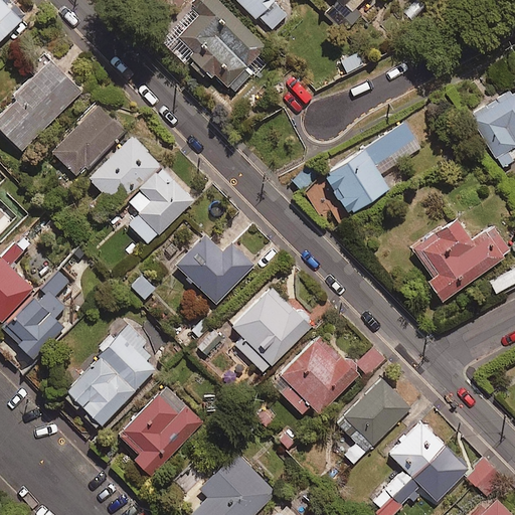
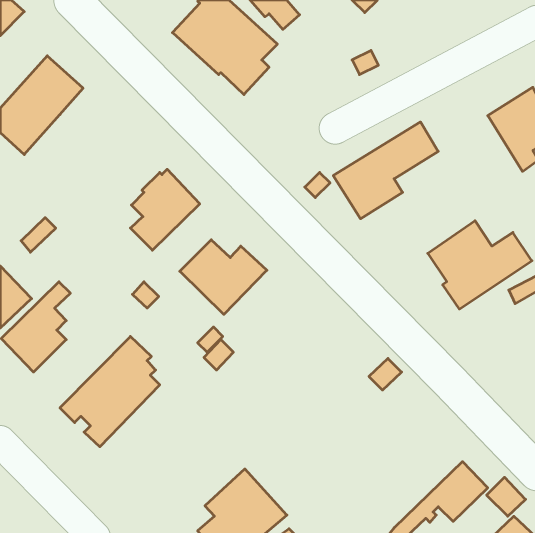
building: [50,103,125,177] -> none
building: [87,134,159,206] -> none
building: [231,286,311,374] -> none
building: [270,334,359,414] -> none
building: [337,377,411,460] -> none
building: [116,385,203,476] -> none
building: [371,421,445,509] -> none

